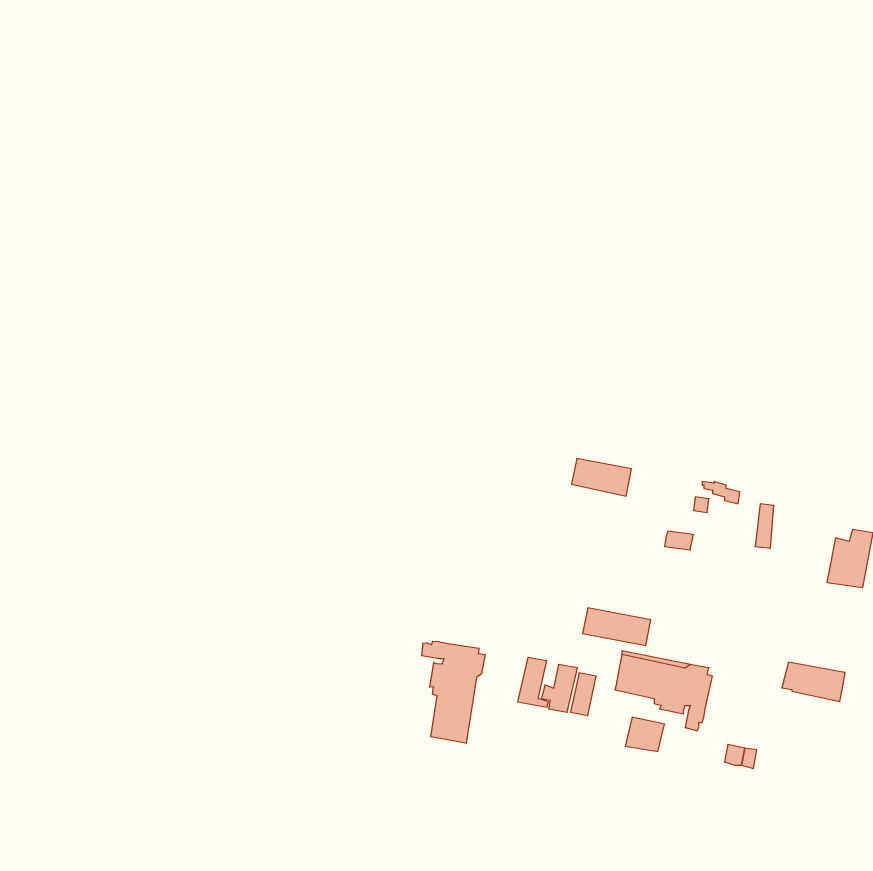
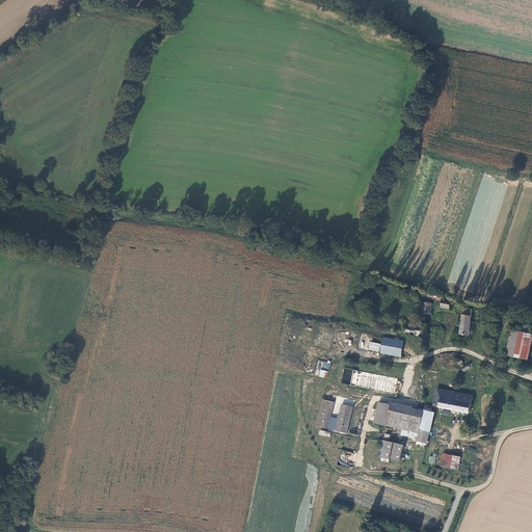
building: [572,459,631,496] -> [367,335,403,357]
building: [422,641,485,743] -> none
building: [782,662,845,702] -> [433,390,472,414]

